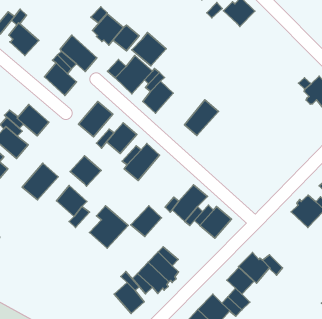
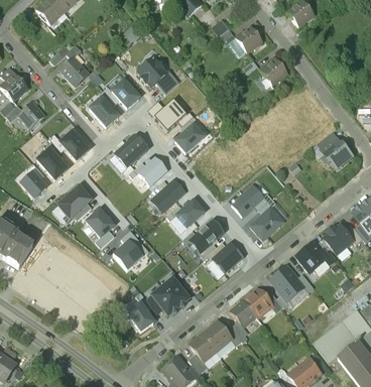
building: [132,33,166,66] -> none
building: [184,100,219,135] -> [232,183,264,215]
building: [70,156,101,186] -> none
building: none -> [250,207,283,239]
building: [131,206,161,237] -> [175,200,204,227]
building: none -> [270,264,303,298]

